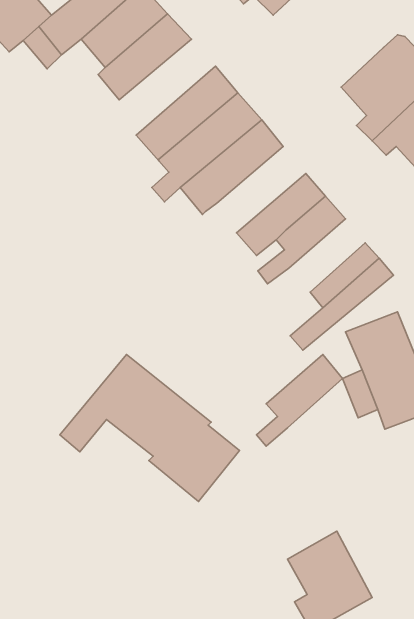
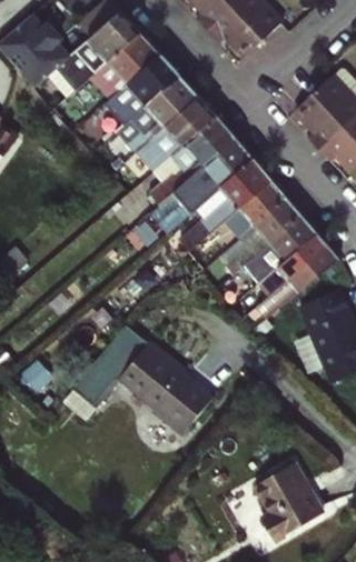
building: none -> [115,74,198,152]
building: none -> [178,159,269,248]
building: [256,354,343,446] -> [248,215,316,288]

